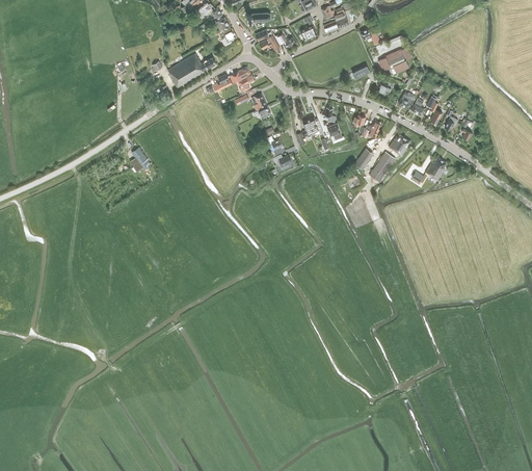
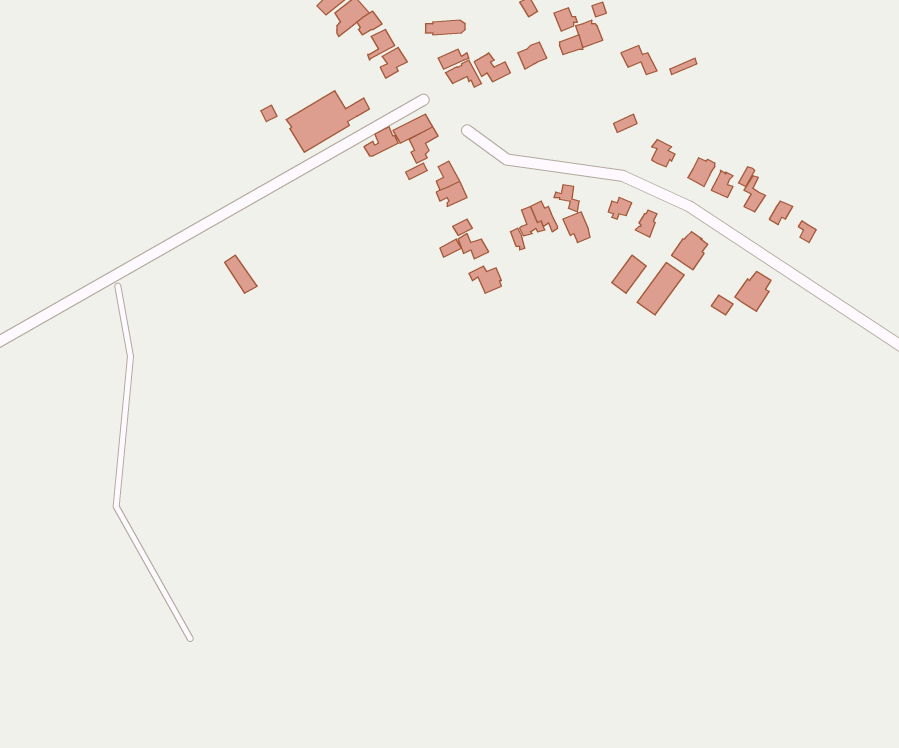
building: [377,47,410,73] -> none

